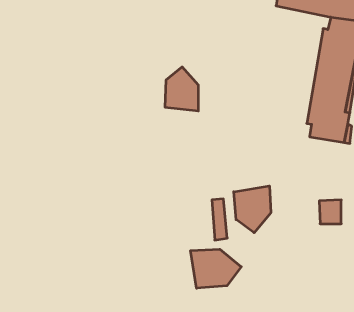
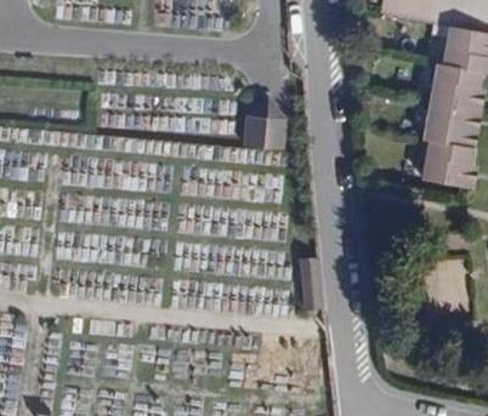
building: [234,186,271,233] -> none
building: [191,249,241,288] -> none

